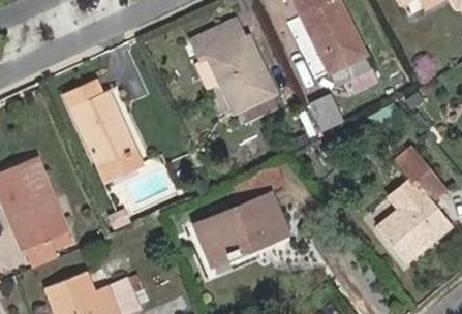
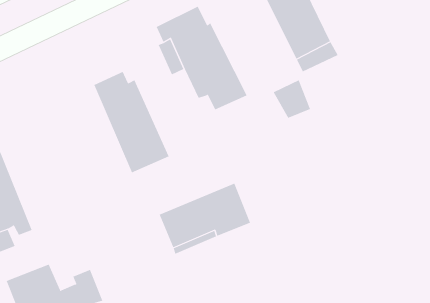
building: [67,82,142,182] -> [94,71,170,173]
building: [377,147,451,263] -> none

